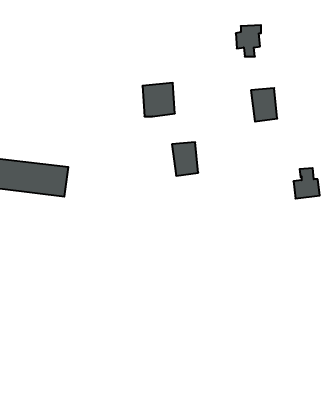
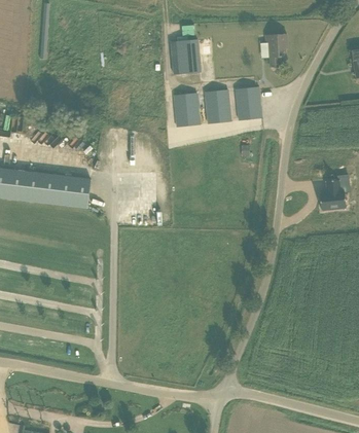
building: none -> [173,39,196,73]
building: [251,88,277,122] -> [231,86,258,120]
building: [172,142,198,176] -> [201,89,227,123]

